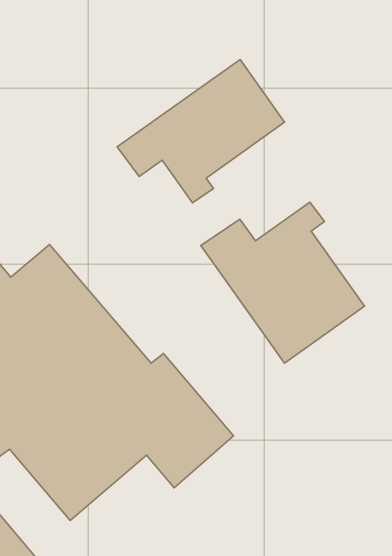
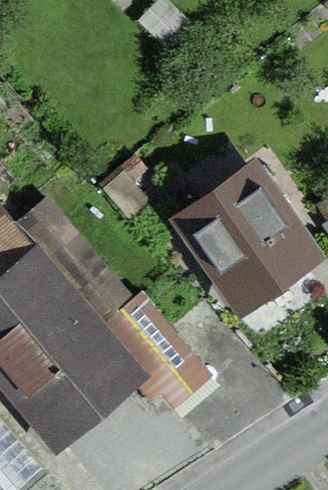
building: [117,60,285,203] -> none

